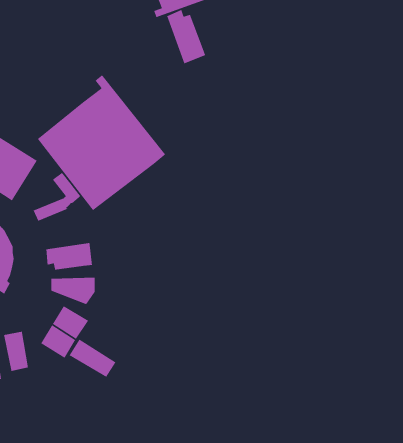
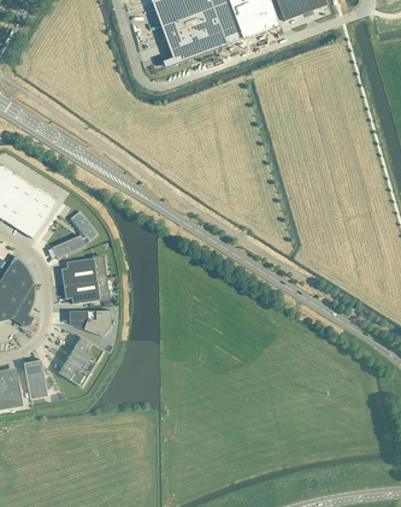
building: [166,9,206,64] -> none
building: [37,74,166,211] -> none
building: none -> [60,254,105,282]
building: [69,339,117,378] -> none

